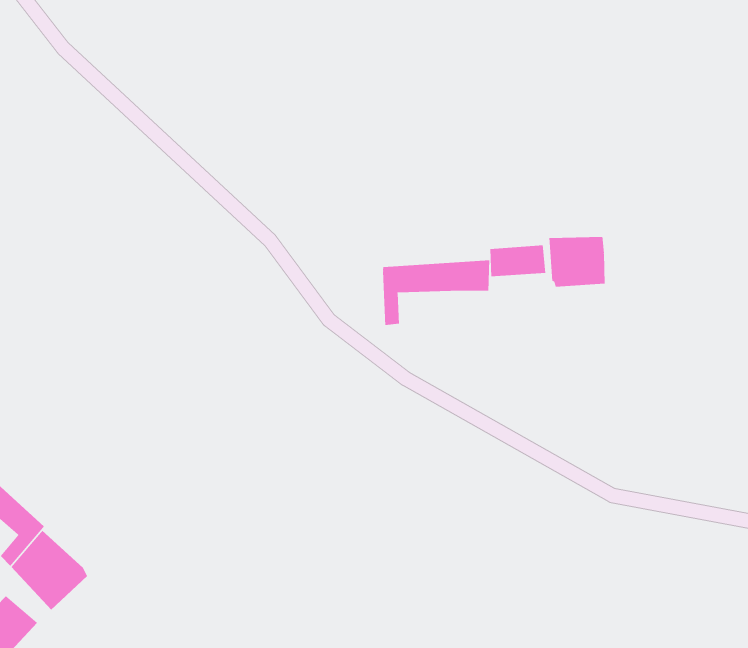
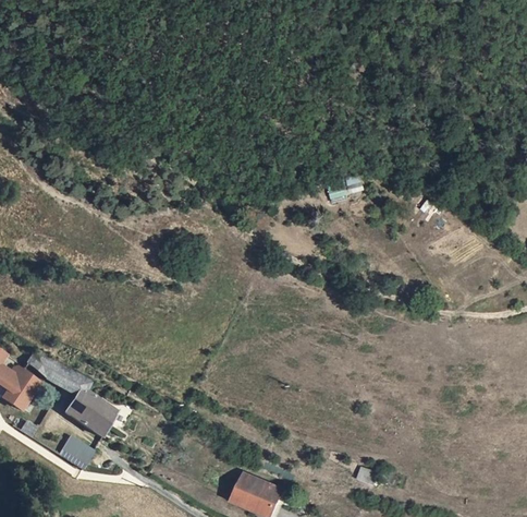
building: [549,236,605,288] -> none
building: [383,260,490,326] -> none

